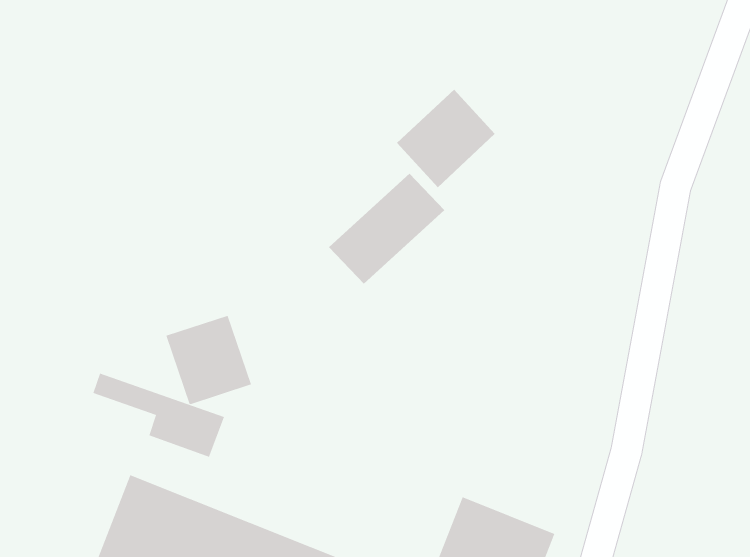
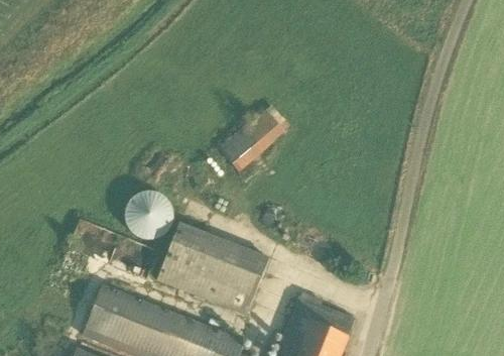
building: [396,89,496,188] -> none
building: none -> [156,223,269,315]

